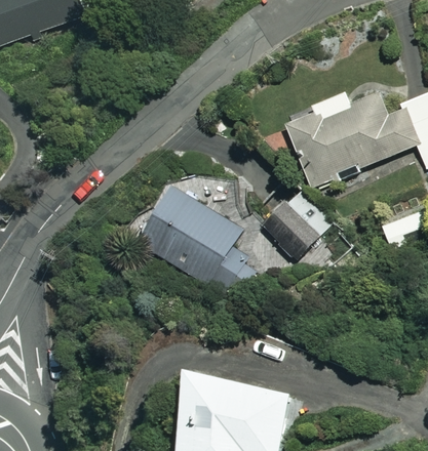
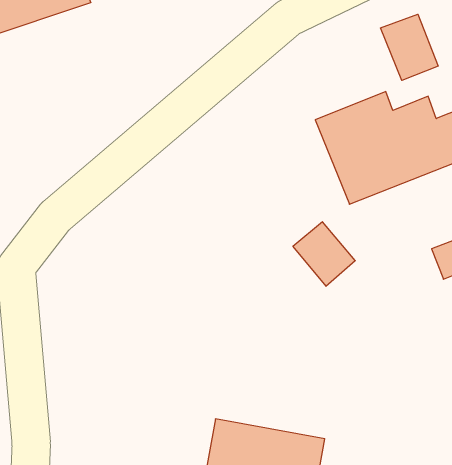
building: none -> [381,14,438,80]
building: [140,189,263,299] -> none

